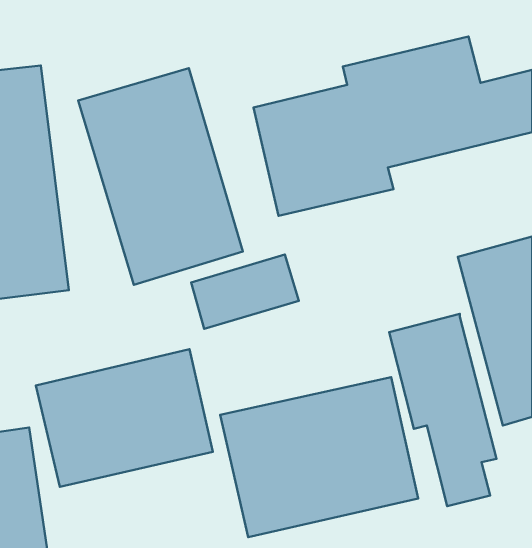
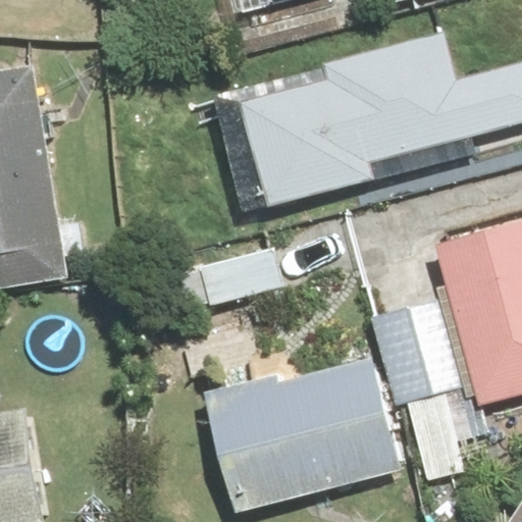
building: [78,68,243,285] -> none
building: [36,349,213,487] -> none

